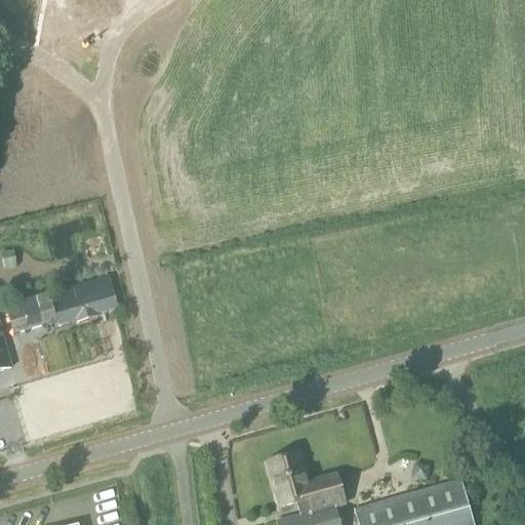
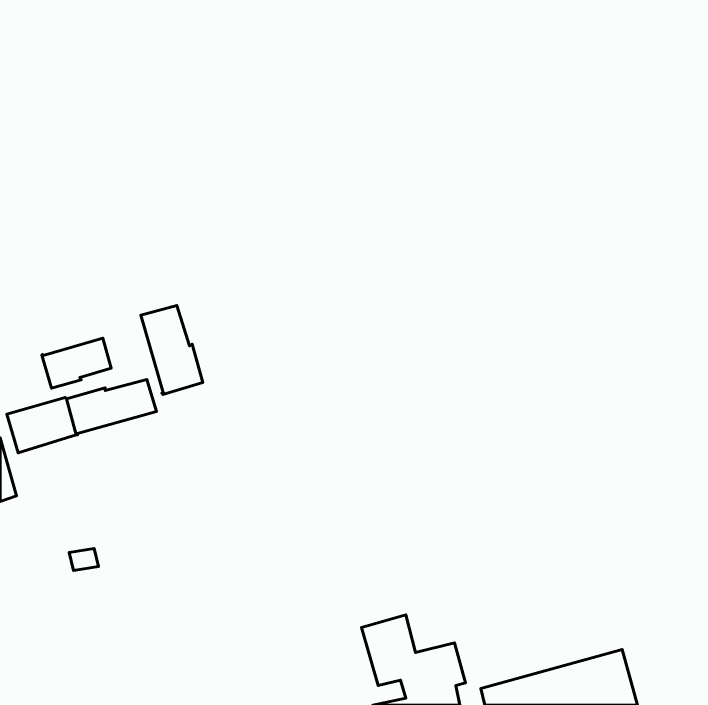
building: none -> [141,306,203,394]
building: none -> [42,338,111,388]

